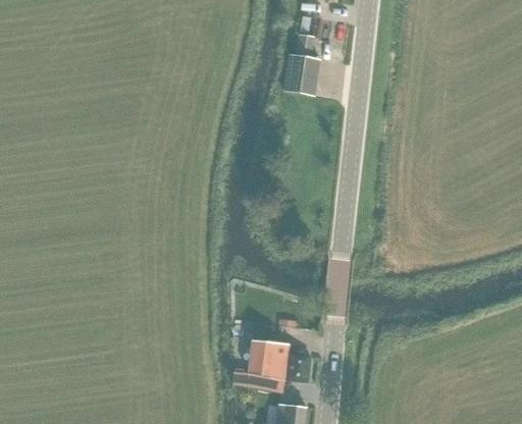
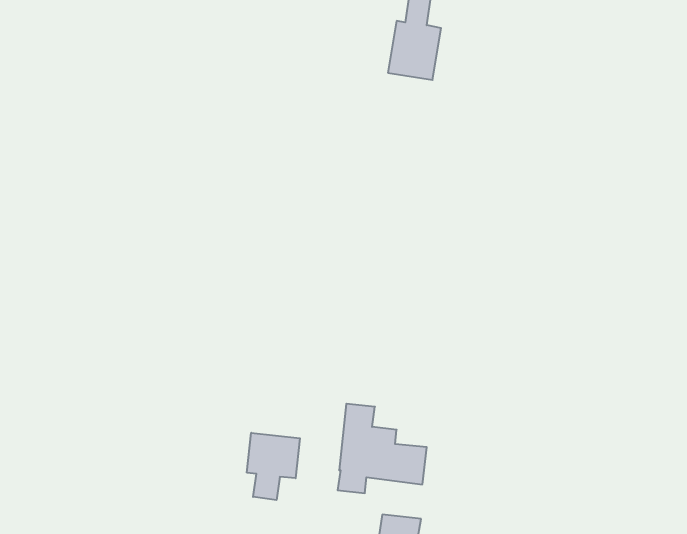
building: none -> [247,433,300,500]

